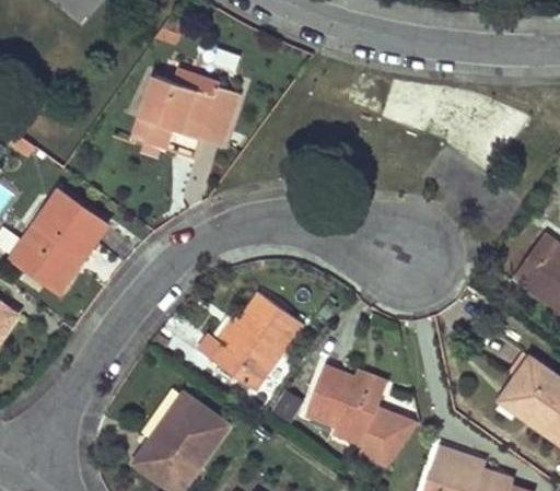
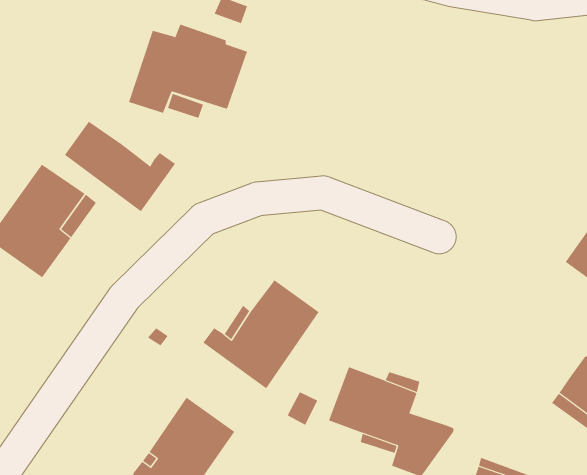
building: none -> [64,121,176,212]

